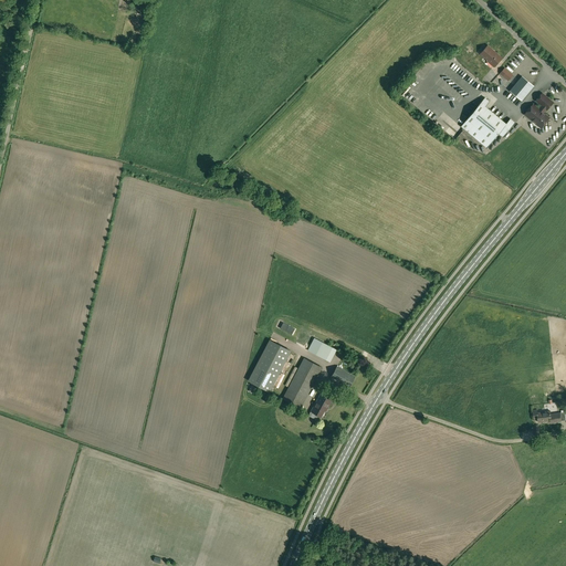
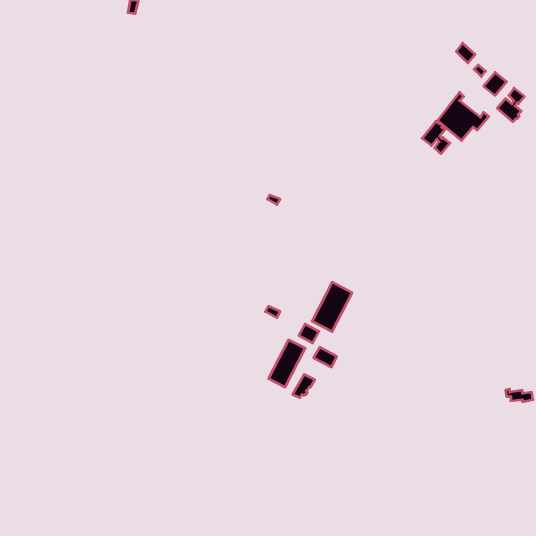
building: none -> [422,121,450,154]
building: [248,339,290,391] -> [312,282,352,332]

